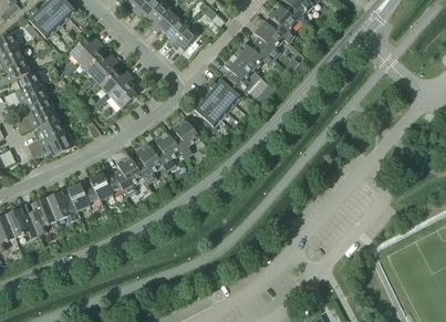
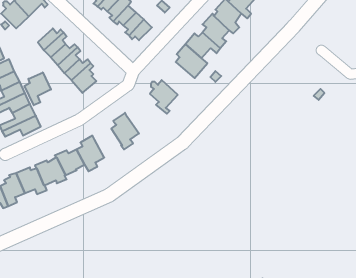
building: [208,80,239,111] -> none
building: none -> [24,72,51,105]
building: [169,118,199,157] -> none
building: [133,144,164,184] -> none

